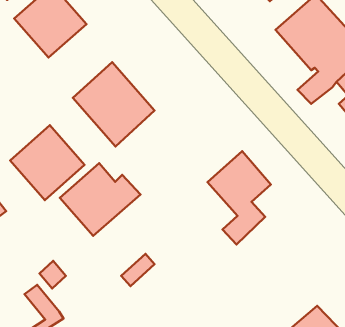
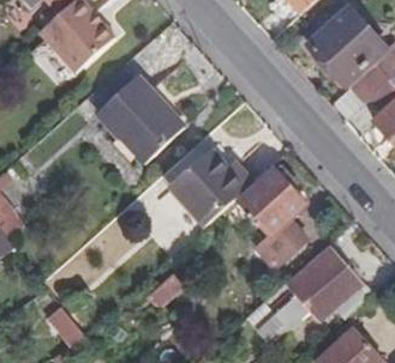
building: [10,125,85,200] -> none
building: [60,163,140,236] -> [170,147,255,223]
building: none -> [247,247,371,340]

